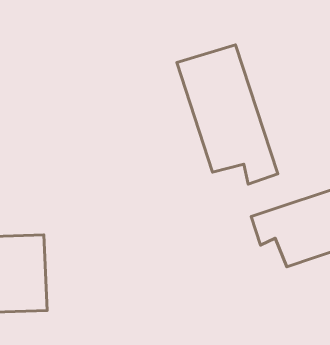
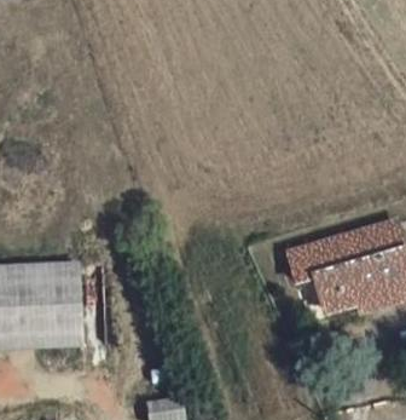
building: [177,45,278,184] -> none

